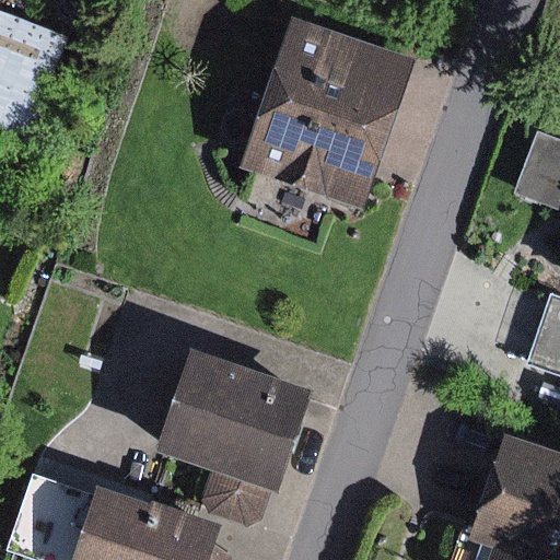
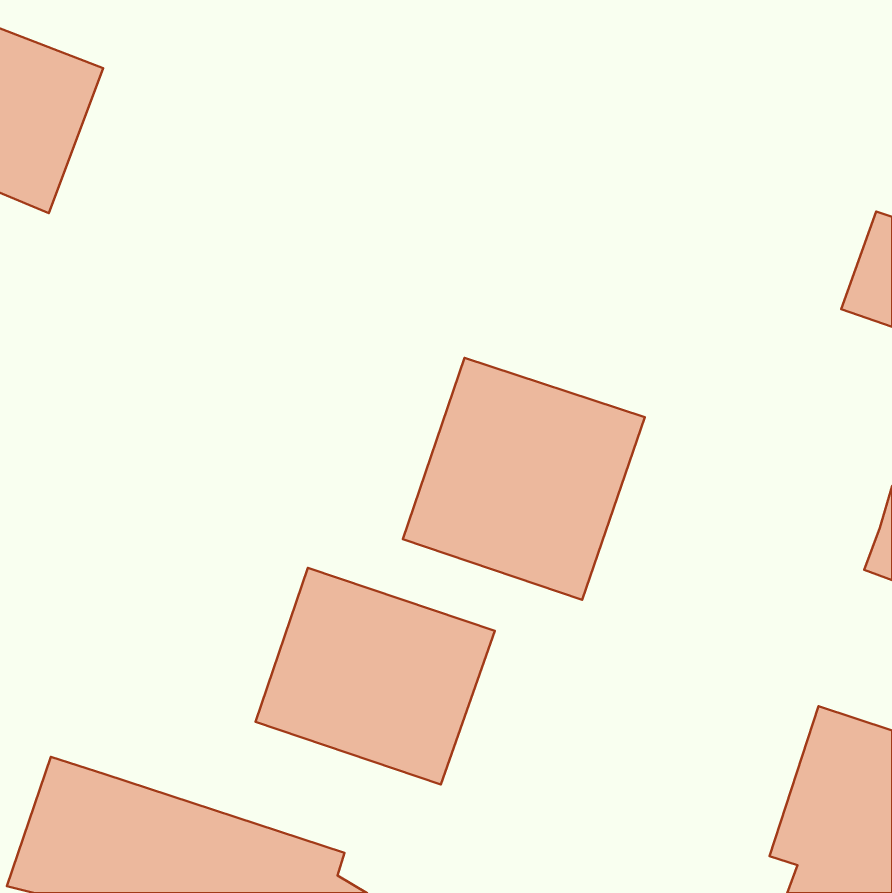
building: [241,19,411,207] -> none
building: none -> [403,358,645,600]

